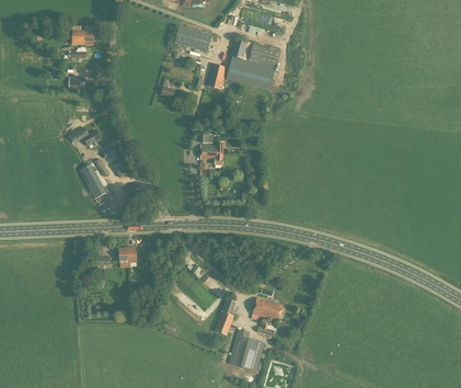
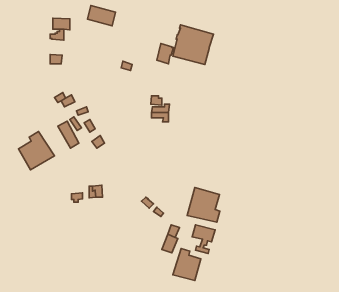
building: [174,25,210,52] -> [88,6,115,26]
building: none -> [18,131,54,170]
building: none -> [187,187,220,222]

